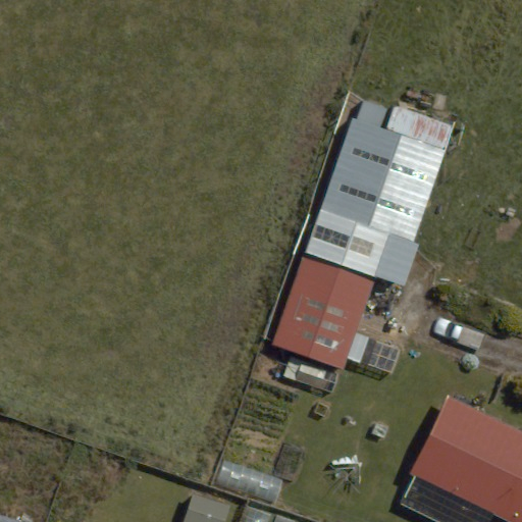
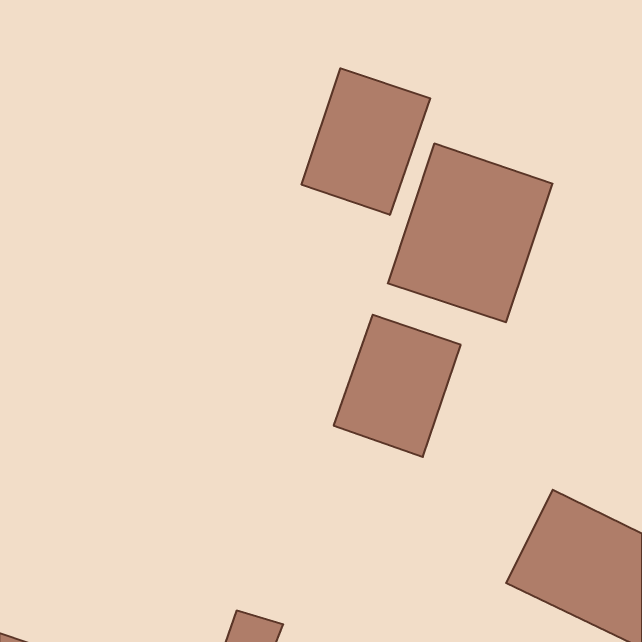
building: none -> [302,68,430,215]

